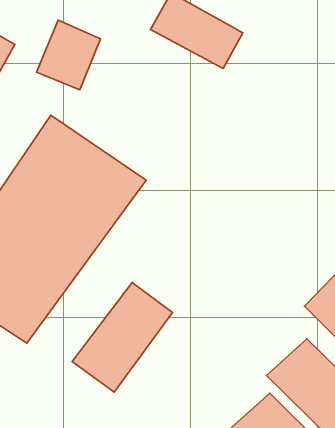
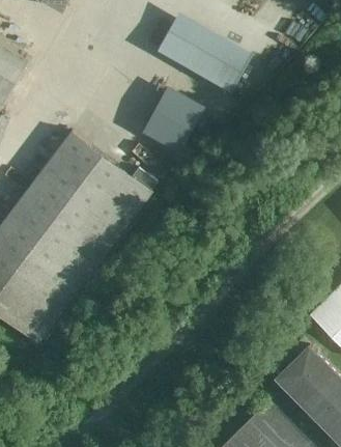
building: [37,20,101,90] -> [151,78,212,144]
building: [72,282,172,392] -> none

